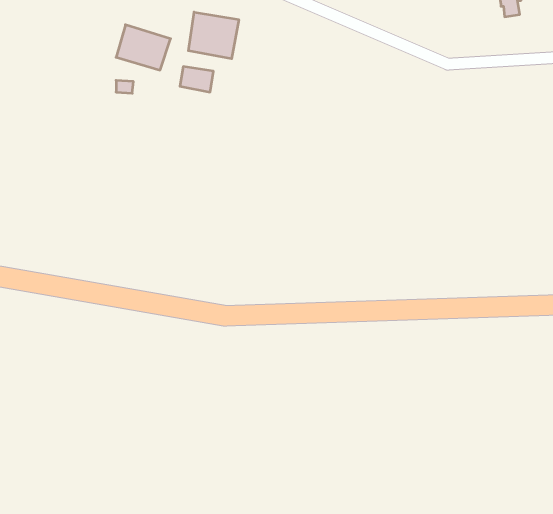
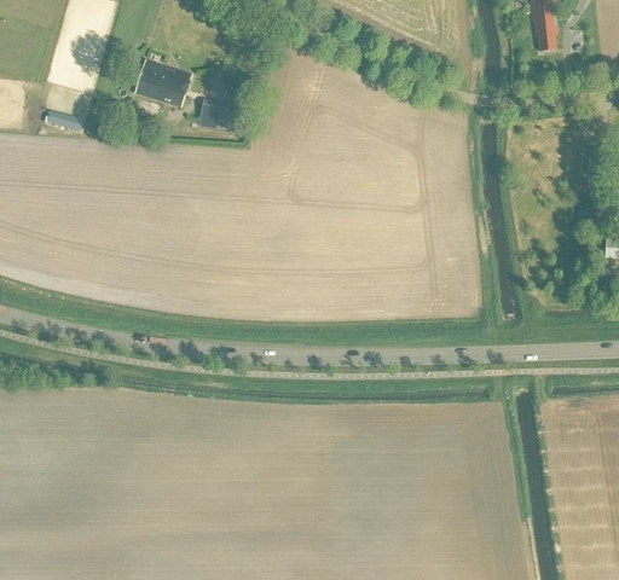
building: [188,12,239,59] -> none

